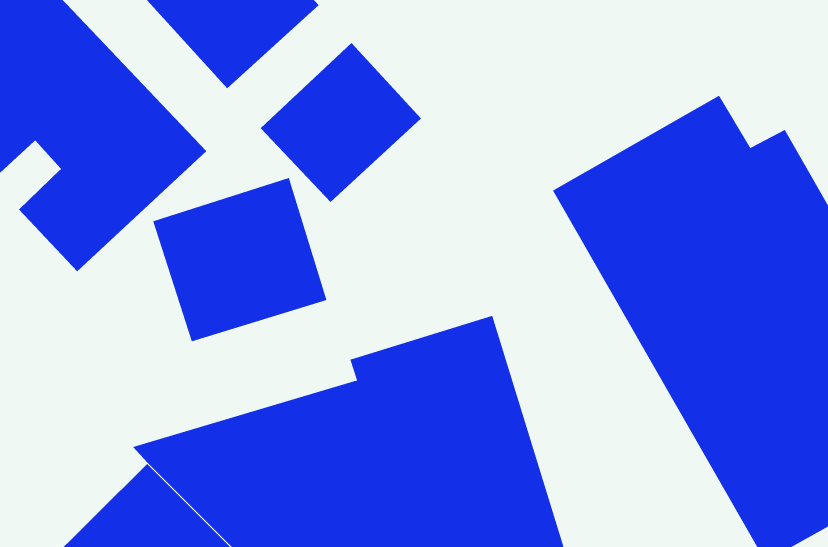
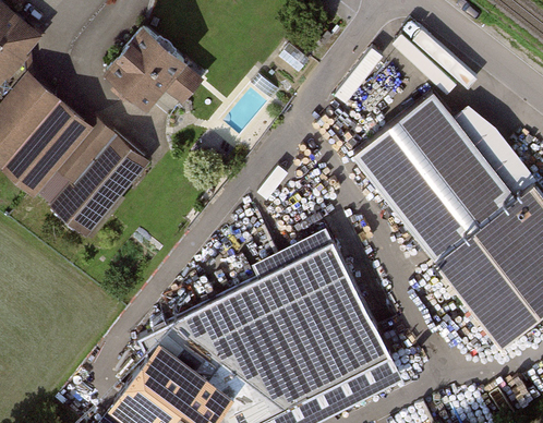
building: [260,42,422,203] -> none
building: [153,177,327,342] -> none

